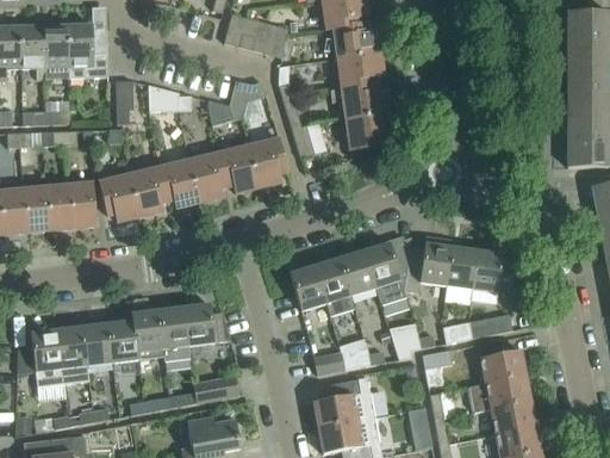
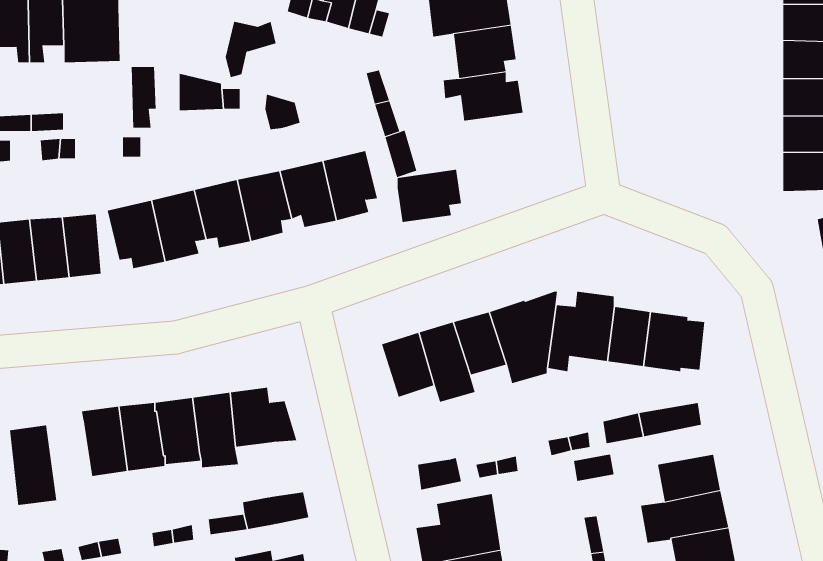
building: [230,80,266,119] -> [225,21,276,78]
building: [347,112,392,149] -> [397,169,462,222]
building: [57,326,89,382] -> none

